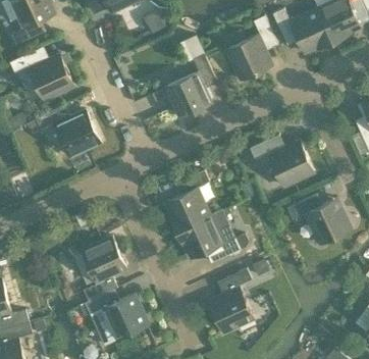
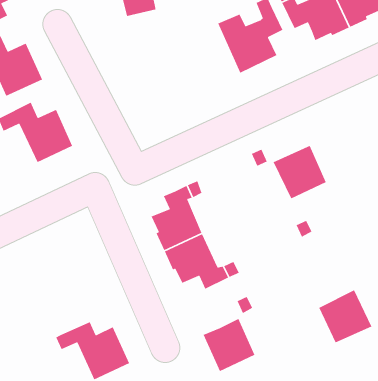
building: [165,53,216,117] -> none
building: [305,198,351,244] -> [318,289,373,344]
building: [80,237,125,301] -> none

